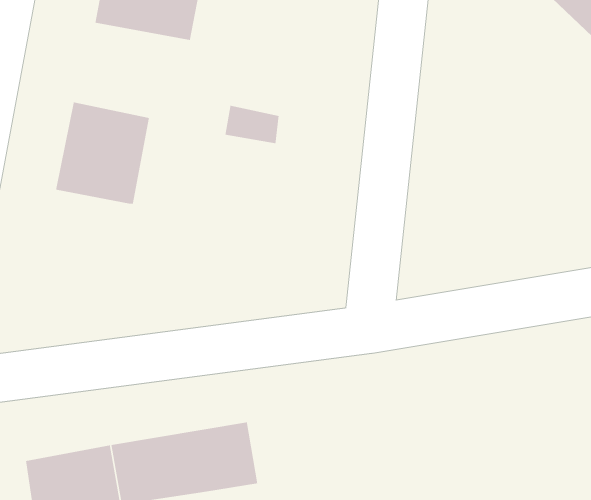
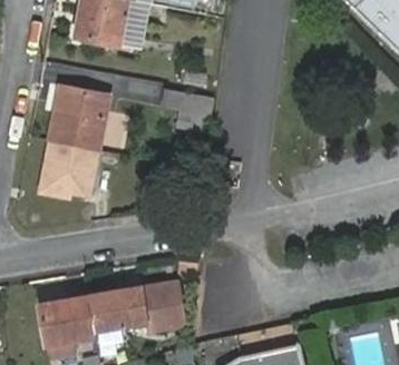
building: none -> [42,140,98,195]

